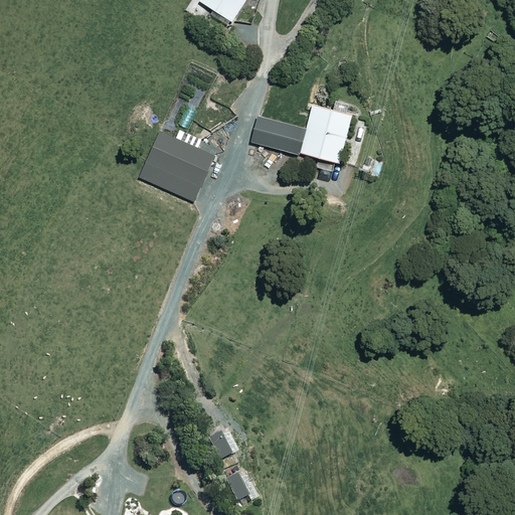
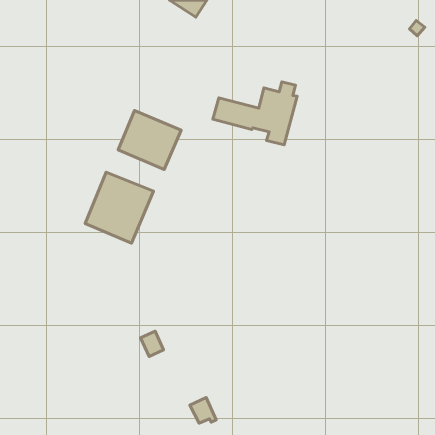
building: none -> [85,172,153,243]
building: [208,428,235,459] -> [141,331,164,357]

